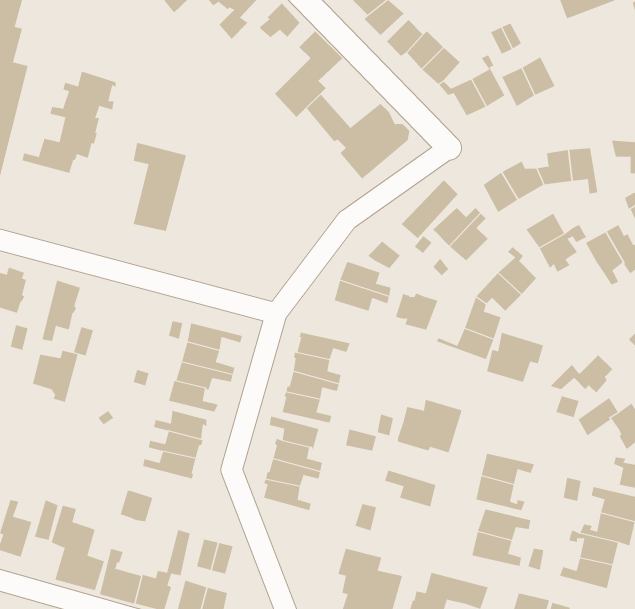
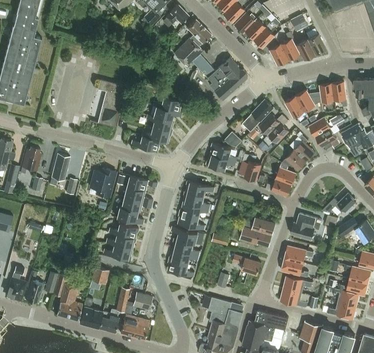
building: [22,71,117,173] -> [131,96,182,151]
building: [486,332,544,383] -> [291,213,322,240]
building: [32,350,79,402] -> [91,169,116,197]

